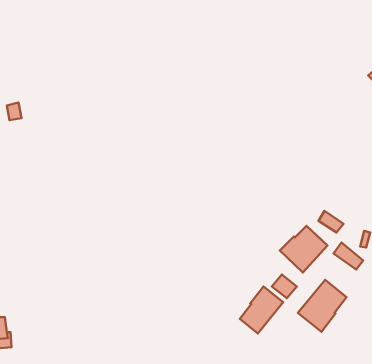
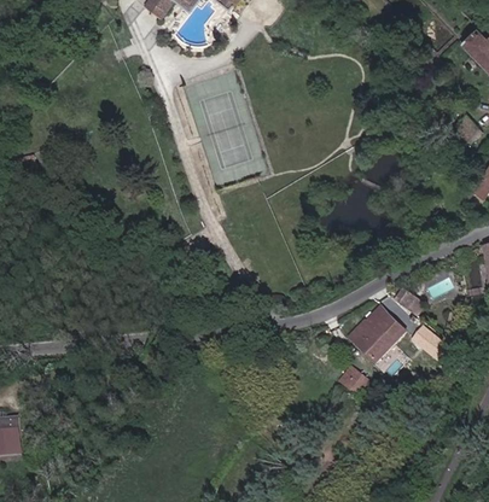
building: [298,280,347,332] -> none
building: [240,286,283,333] -> none

